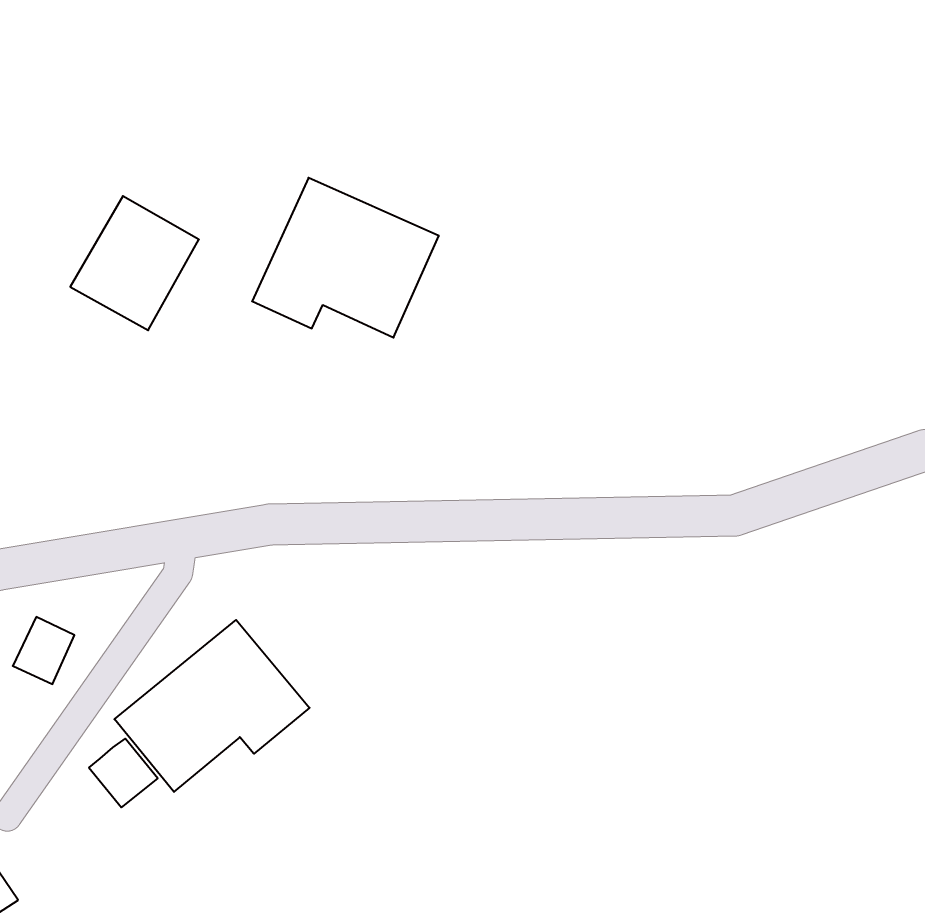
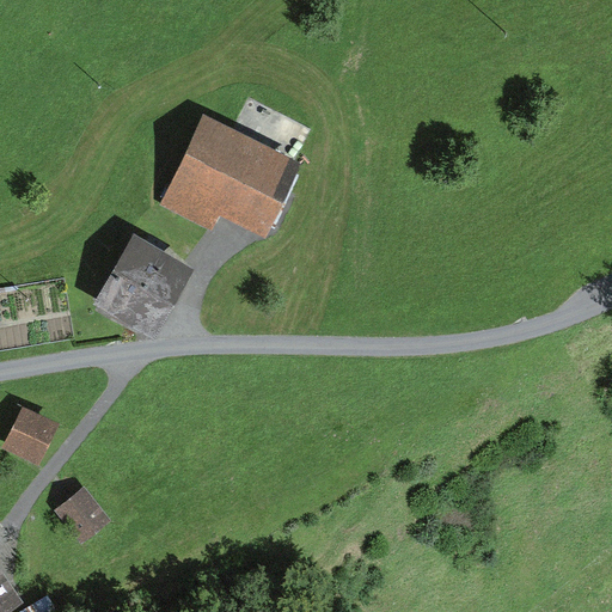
building: [70,196,199,330] -> [98,237,183,325]
building: [114,620,310,792] -> none

